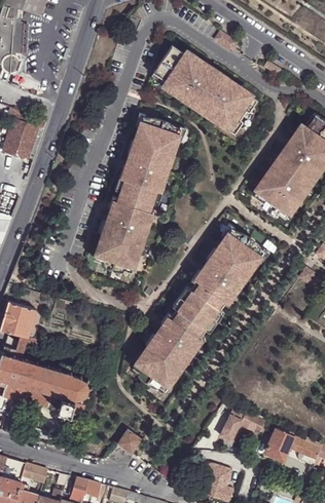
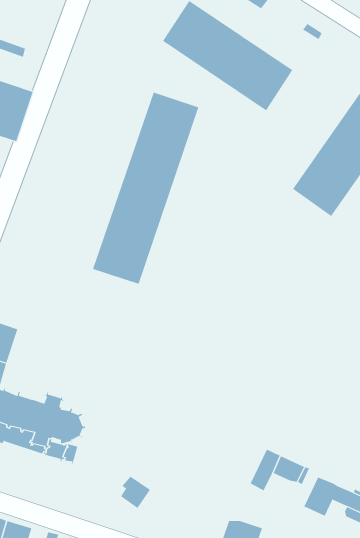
building: [133,230,264,392] -> none

